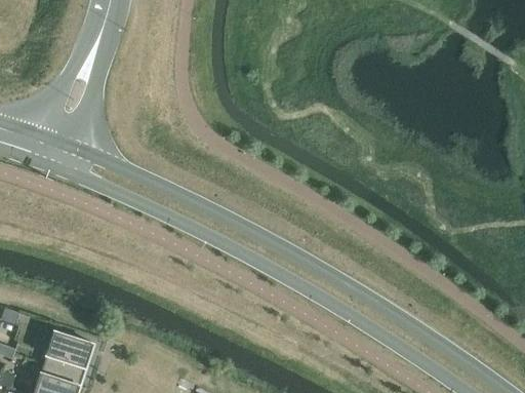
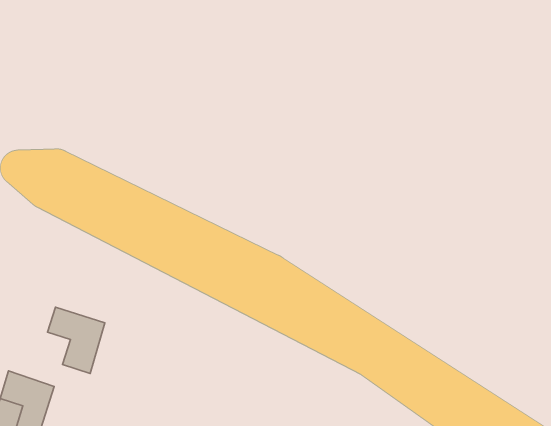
building: none -> [48,307,105,374]

